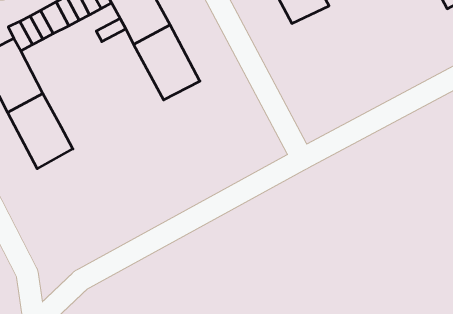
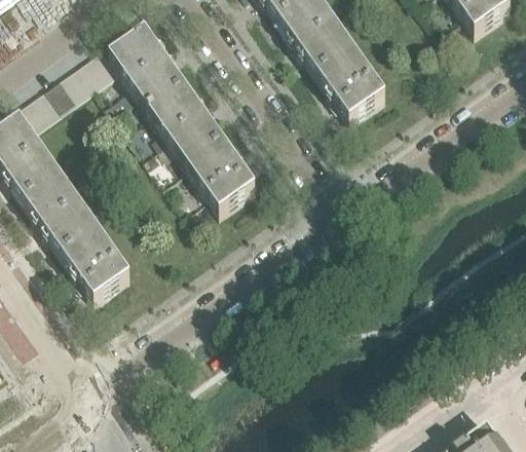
building: none -> [316,43,389,119]
building: none -> [191,140,260,212]
building: none -> [67,228,135,299]

